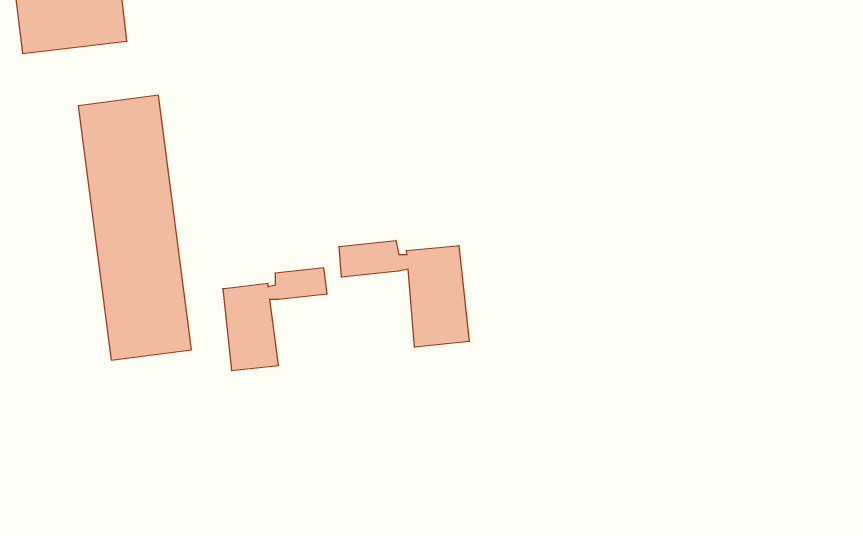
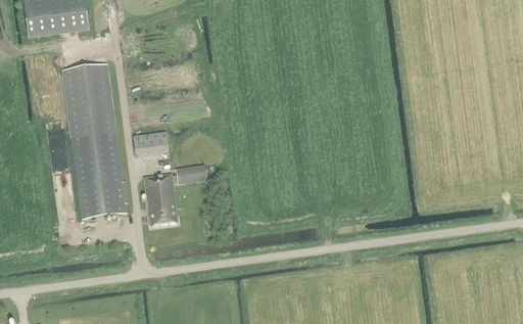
building: none -> [134,131,169,150]
building: [339,240,469,347] -> none

